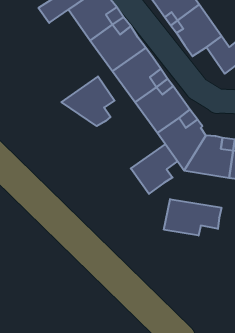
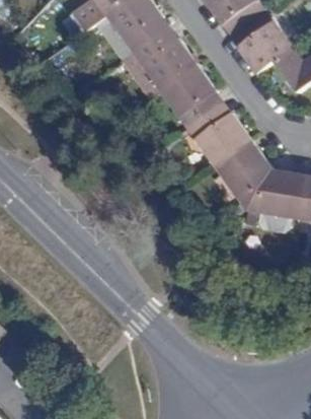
building: [61,76,115,126] -> none
building: [131,144,178,194] -> none
building: [164,199,221,236] -> none

